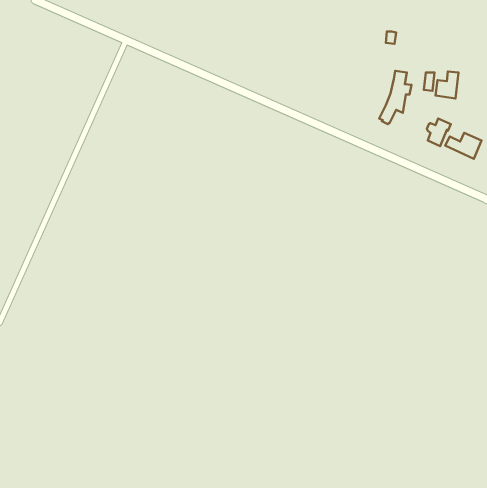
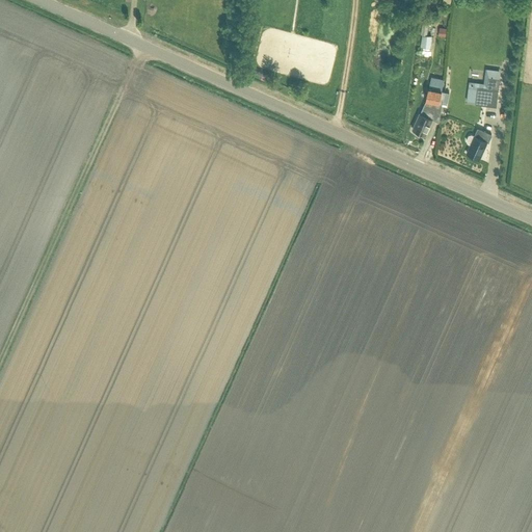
building: [445,133,481,159] -> none

